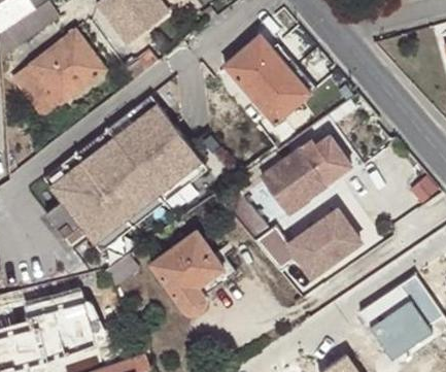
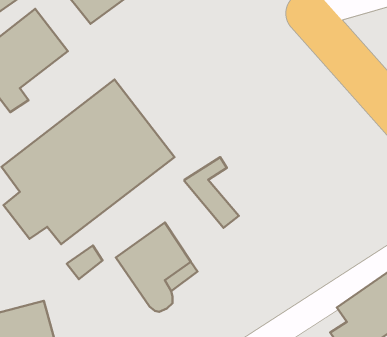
building: [224,31,311,123] -> none
building: [264,133,351,211] -> none
building: [255,208,361,275] -> none

